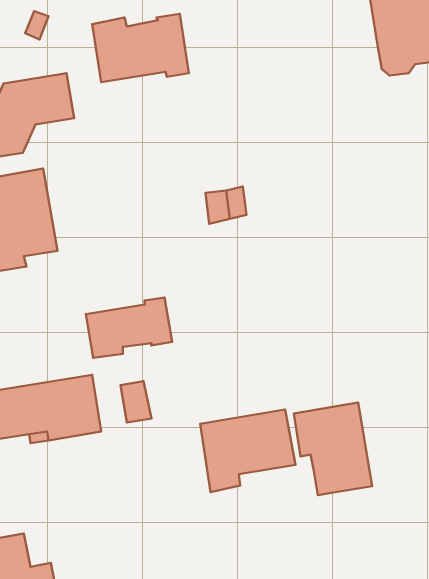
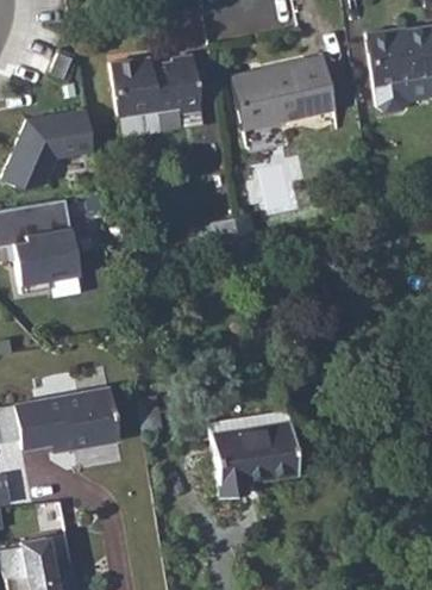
building: none -> [233,56,336,133]
building: [86,297,172,358] -> none
building: [294,402,372,495] -> none

